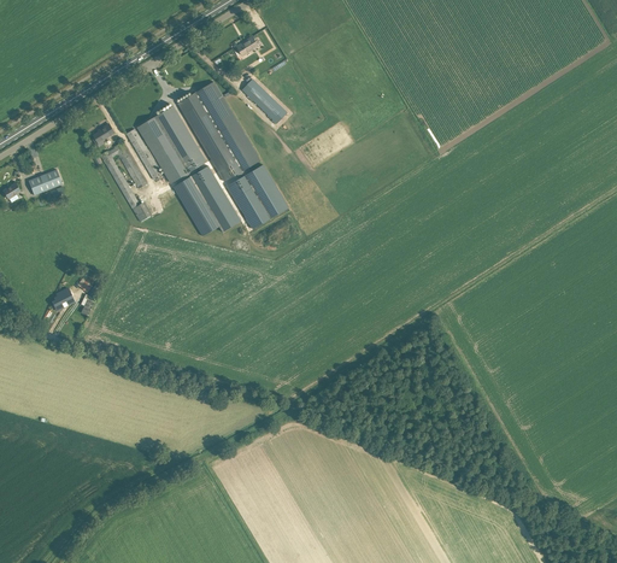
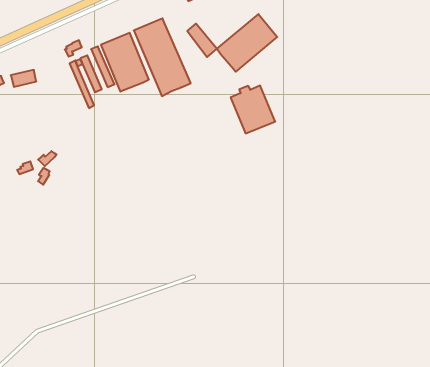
building: none -> [217,14,277,72]
building: [227,164,288,228] -> [231,86,275,133]
building: [174,166,240,235] -> none

